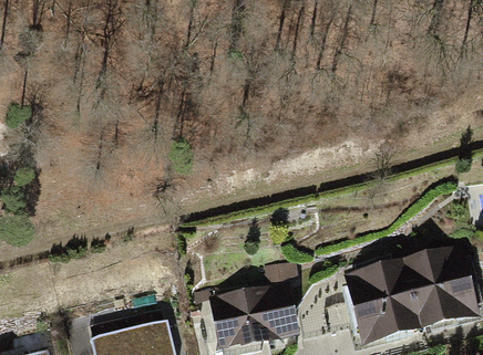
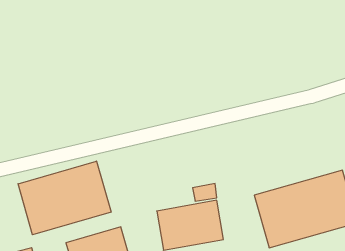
building: none -> [18,161,111,235]

